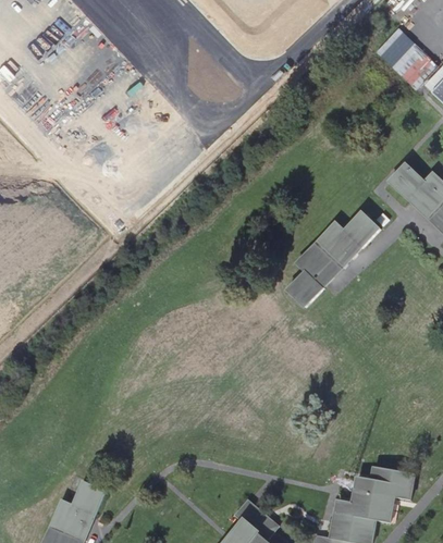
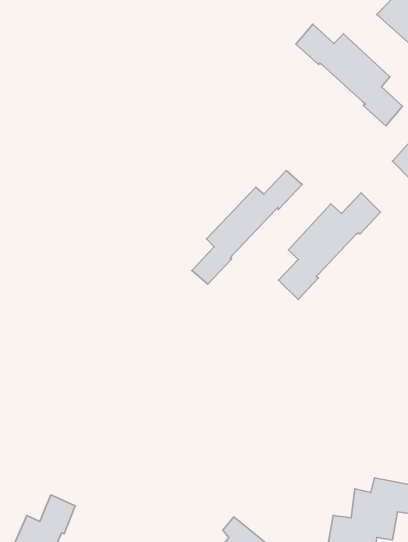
building: none -> [296,24,403,126]
building: none -> [192,171,302,284]

